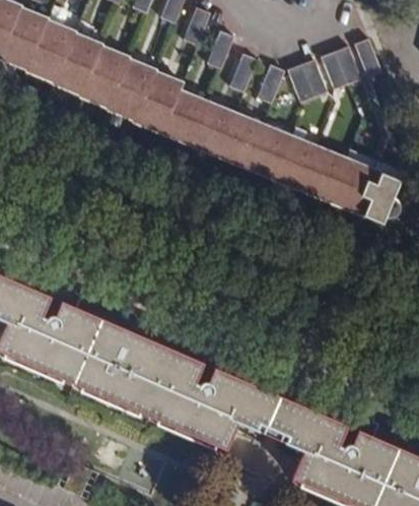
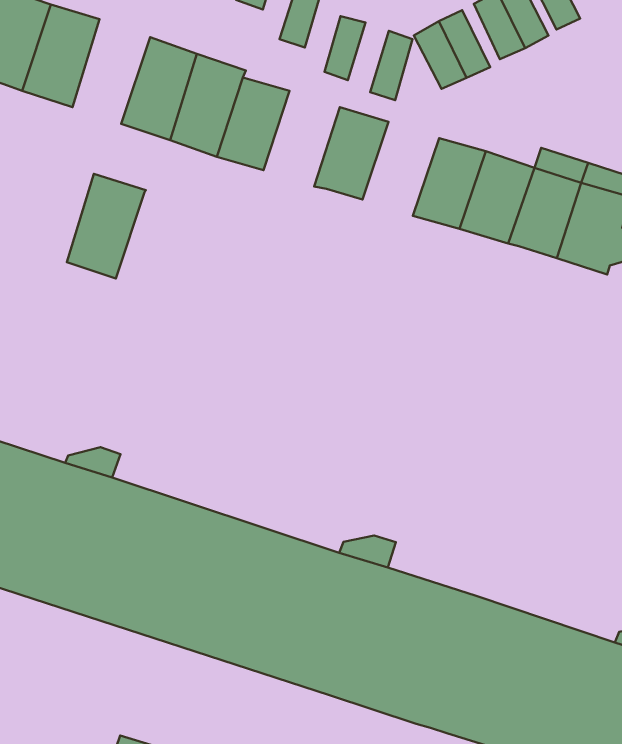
building: [82,45,132,107] -> [67,174,146,279]
building: [190,97,237,153] -> none
building: [246,120,293,176] -> none

